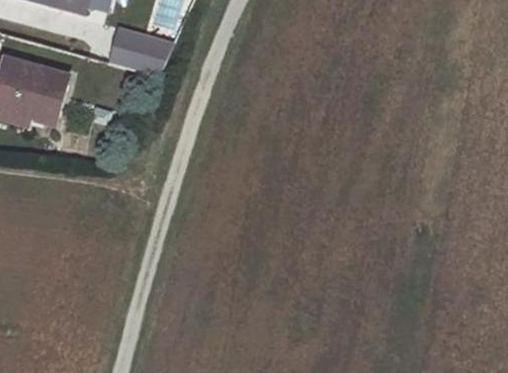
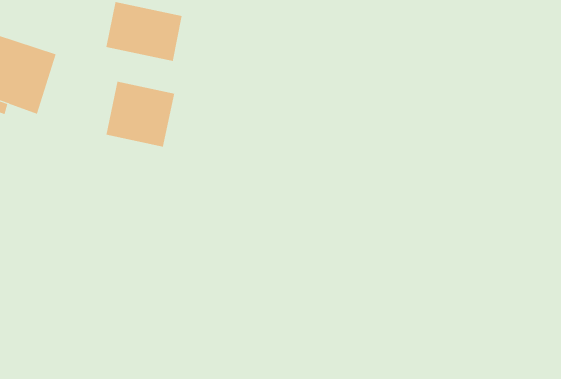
building: none -> [106,81,175,147]

